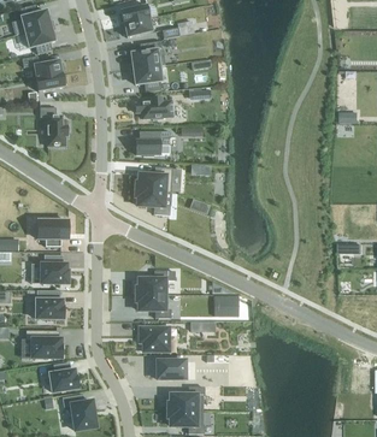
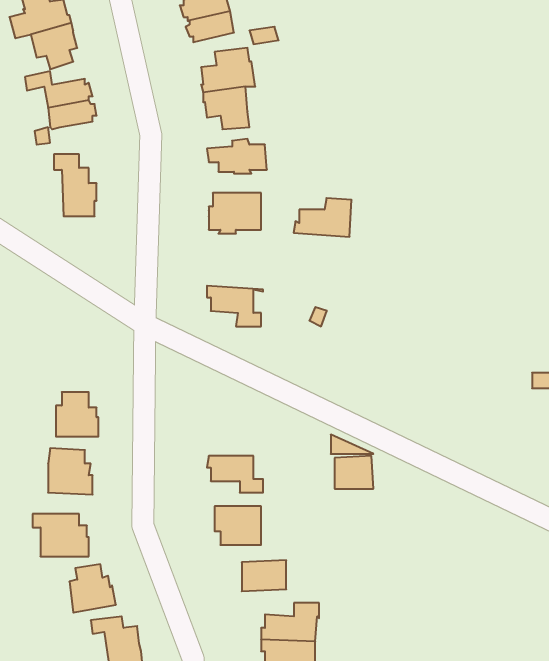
building: [135,167,171,191] -> [294,198,352,237]
building: [37,218,67,247] -> none
building: [136,271,173,295] -> none

